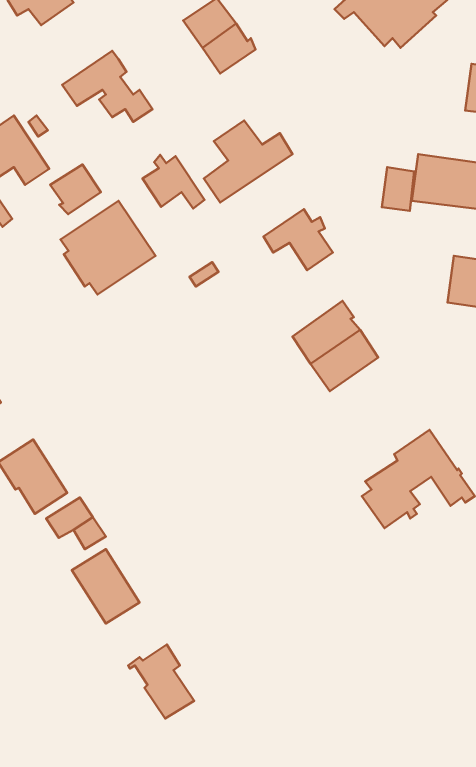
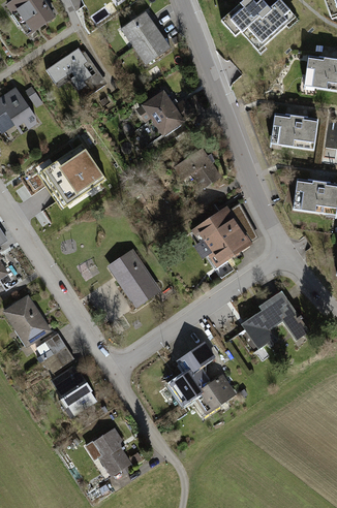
building: [143,155,204,209] -> none
building: [50,164,101,214] -> none
building: [382,167,414,211] -> none
building: none -> [112,250,152,306]
building: none -> [168,343,233,410]

